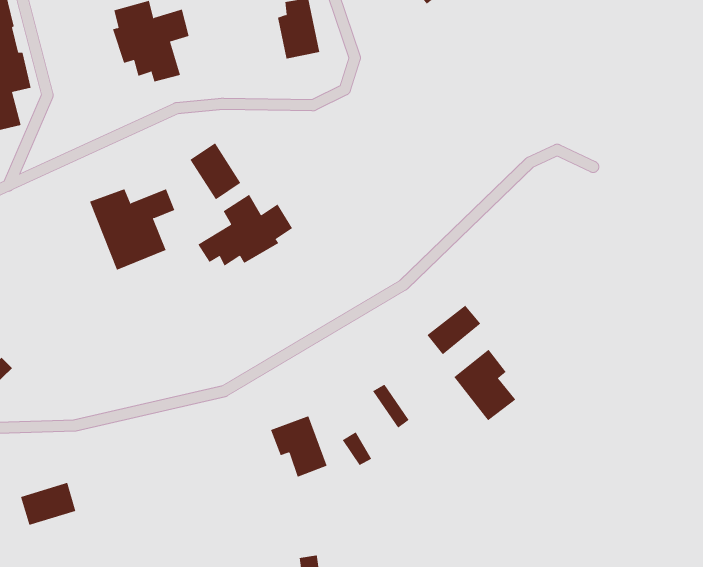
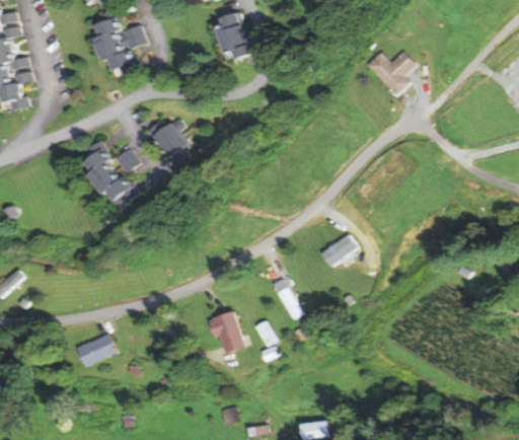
building: none -> [361,51,413,97]
building: [197,194,293,266] -> none
building: [453,349,516,421] -> none
building: [20,482,76,525] -> [75,335,115,365]

